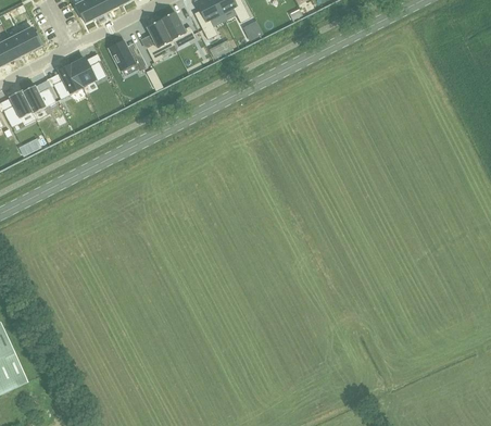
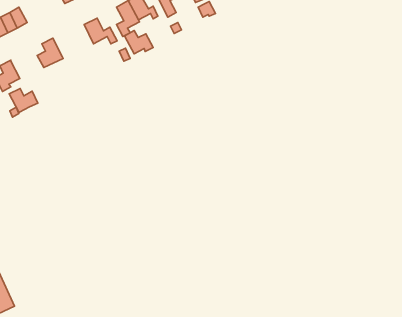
building: none -> [124,31,153,54]
building: [71,57,105,85] -> none
building: [21,84,54,112] -> [9,88,38,112]

